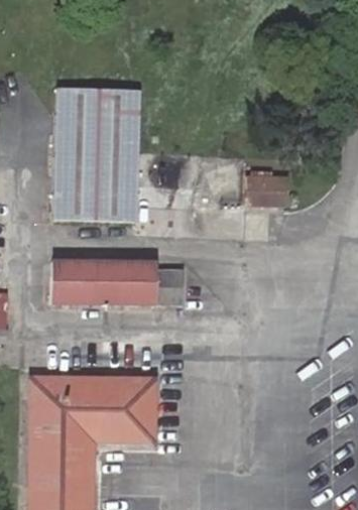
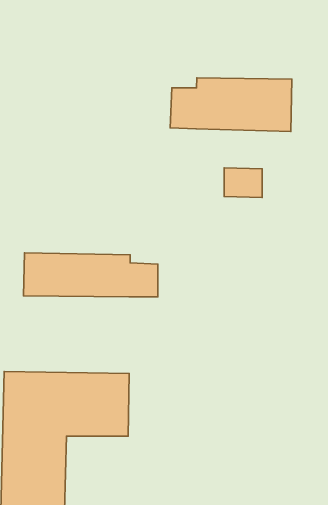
building: [53,87,140,222] -> none
building: none -> [170,78,292,131]

